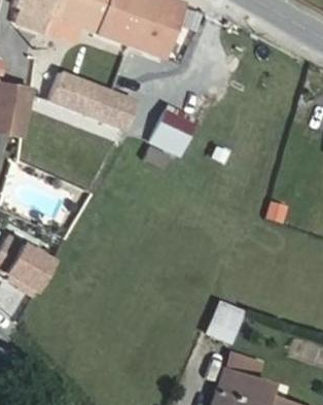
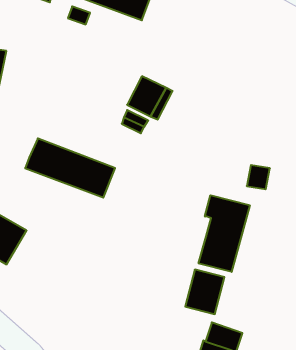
building: [50,73,138,131] -> [25,138,115,198]
building: none -> [199,195,250,272]

